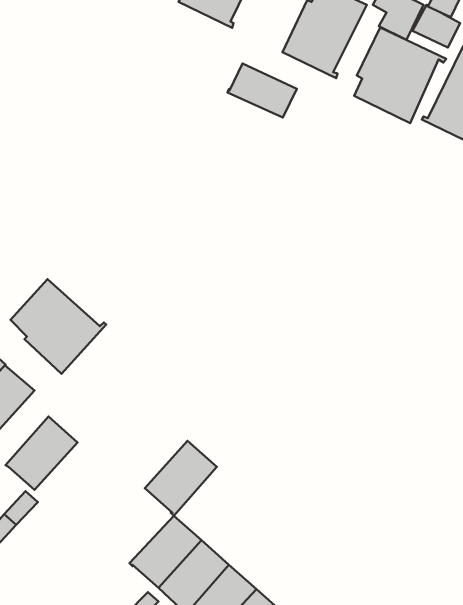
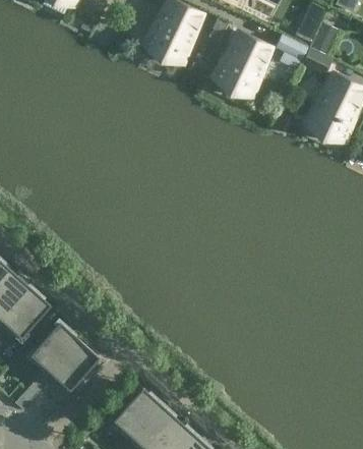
building: [354,28,446,123] -> none
building: [227,63,297,118] -> none
building: [10,279,106,374] -> none
building: [145,441,217,516] -> [49,338,97,388]

